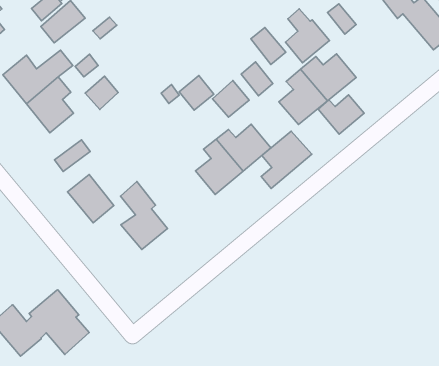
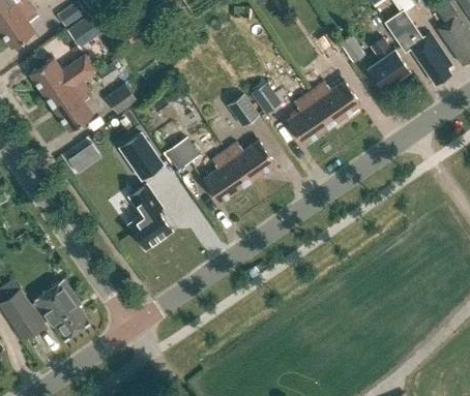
building: [285,9,329,63] -> [368,39,409,90]
building: [251,27,286,64] -> none
building: [179,76,214,110] -> [166,139,198,171]
building: [318,95,364,134] -> none
building: [261,131,312,189] -> none
building: [67,175,114,223] -> [119,132,161,178]

